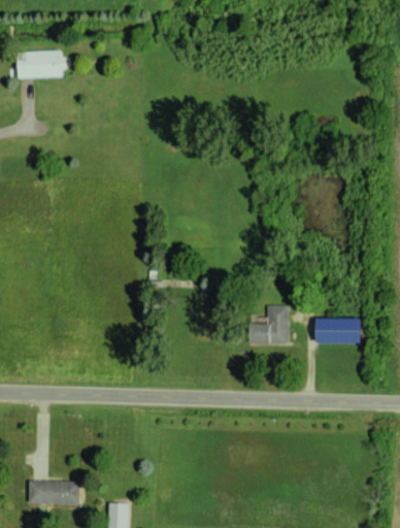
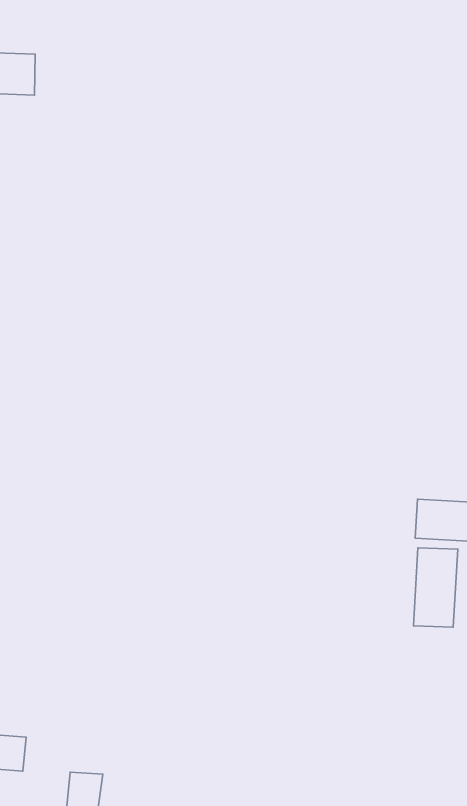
building: [254,306,288,343] -> none
building: none -> [413,548,458,627]

